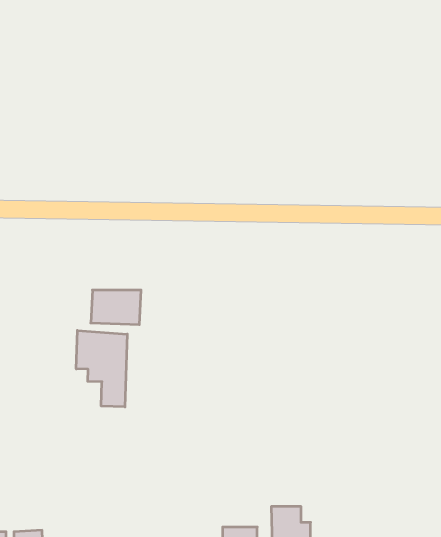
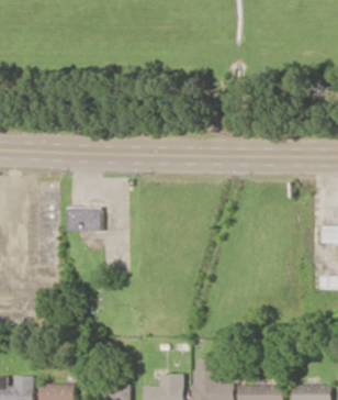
building: [76,330,127,407] -> none

